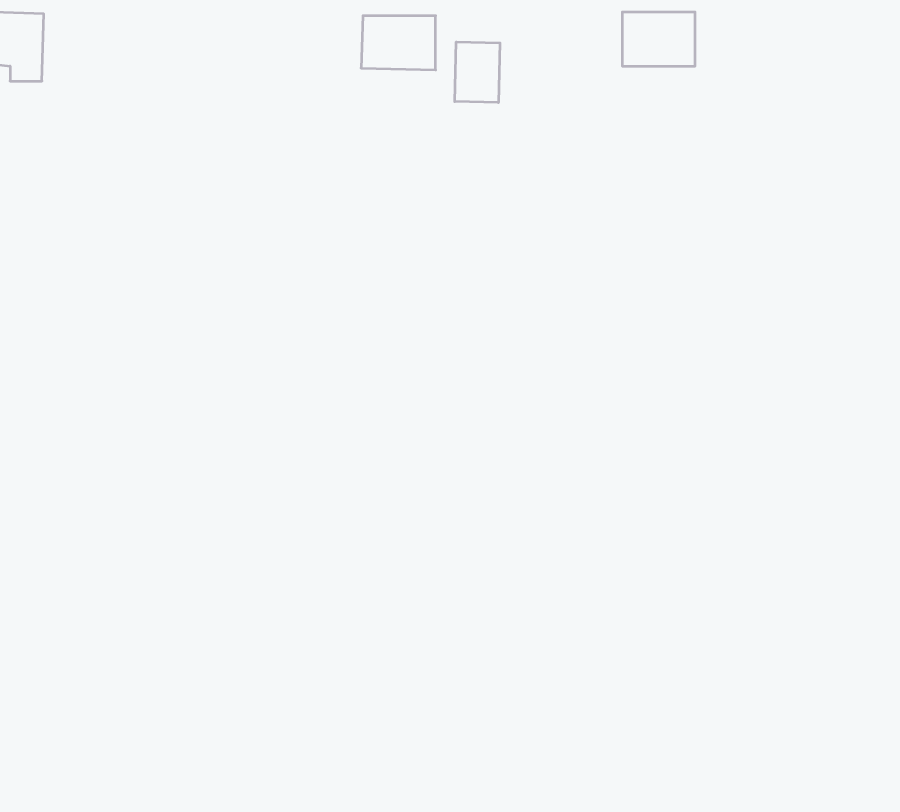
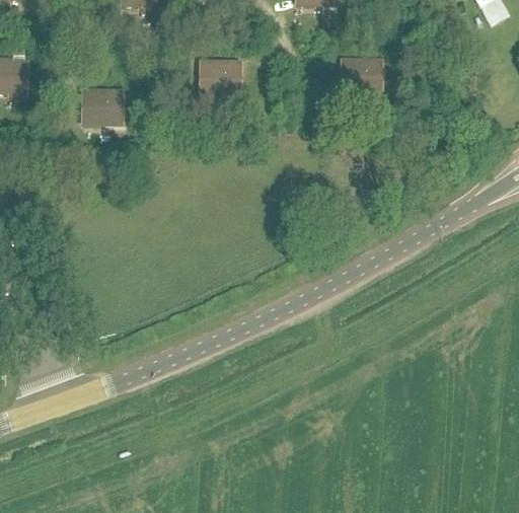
building: [455,42,500,103] -> none
building: none -> [82,90,123,120]

